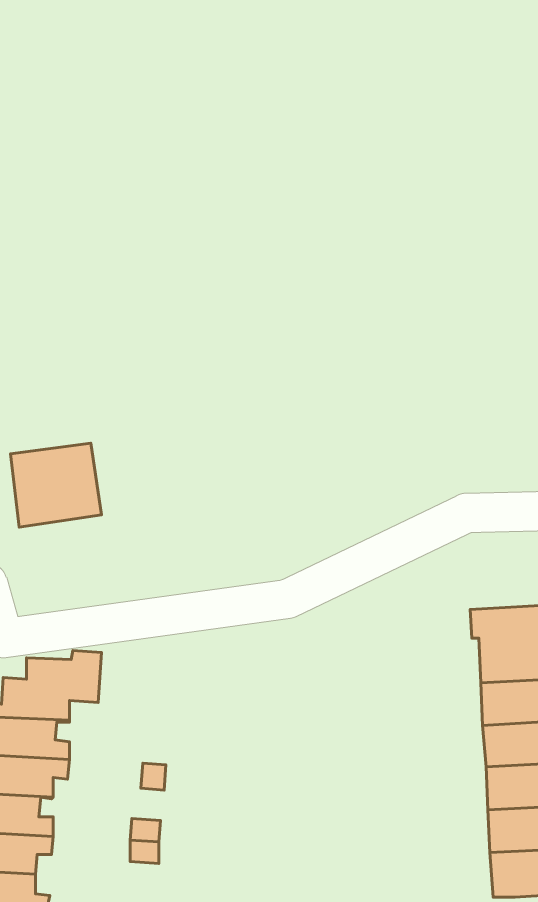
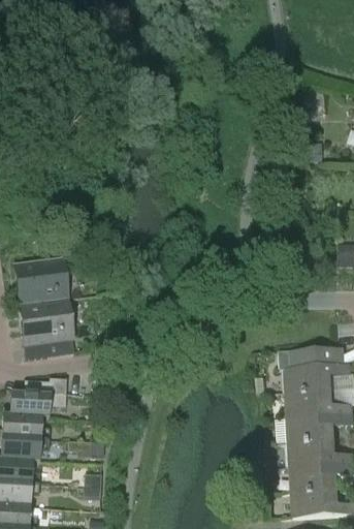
building: none -> [20,298,74,355]

